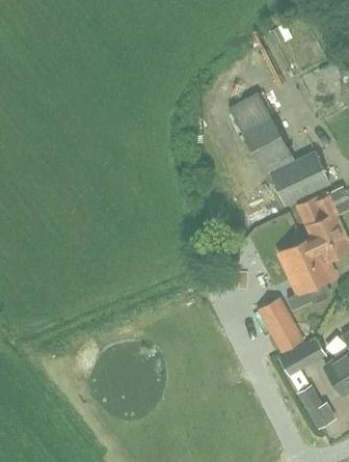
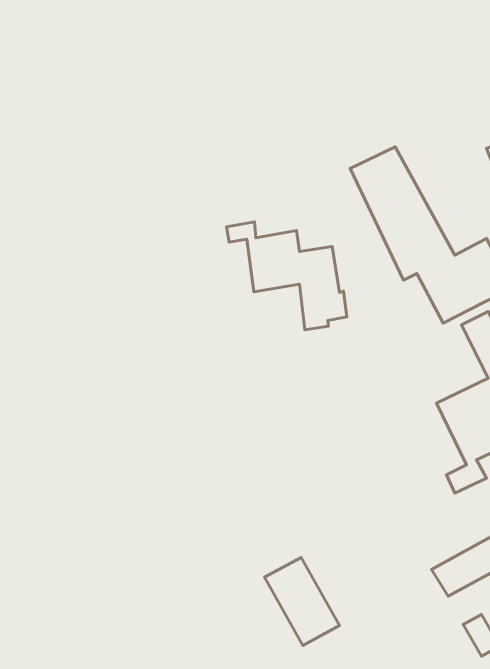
building: none -> [227,222,347,330]
building: [257,298,303,353] -> [265,557,339,646]

